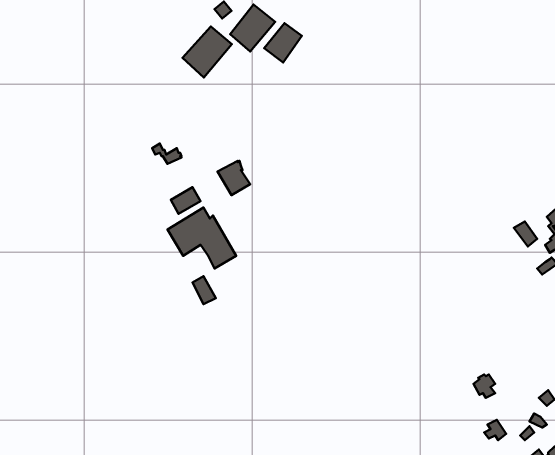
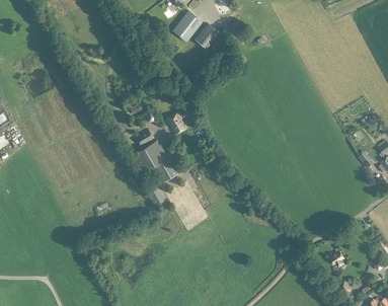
building: [183,26,232,77] -> none

